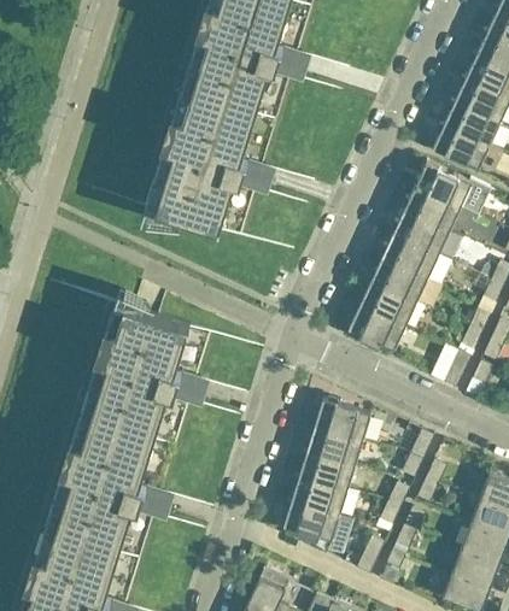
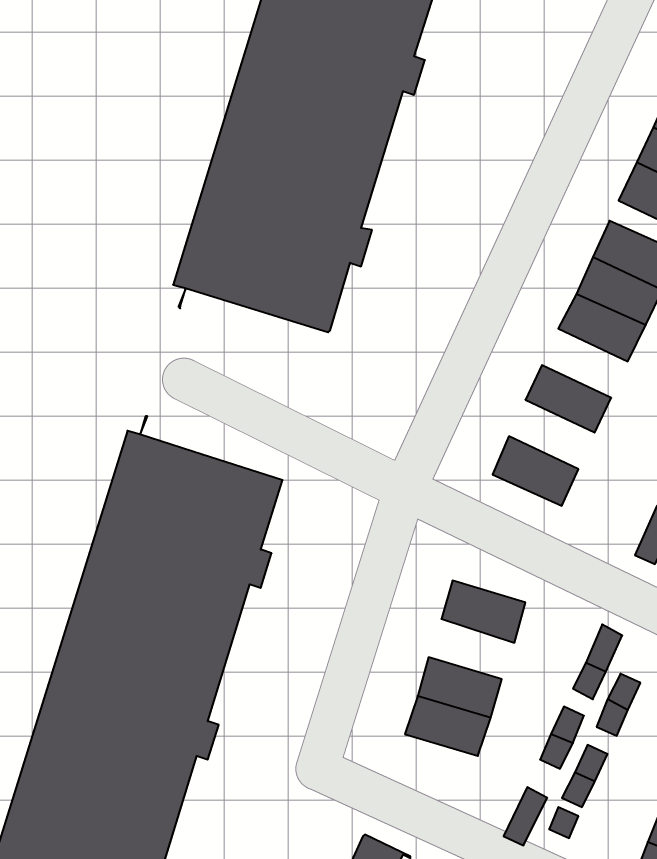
building: [382,233,439,278] -> none
building: [361,280,417,325] -> none
building: [308,424,364,464] -> none
building: [285,500,340,540] -> none

